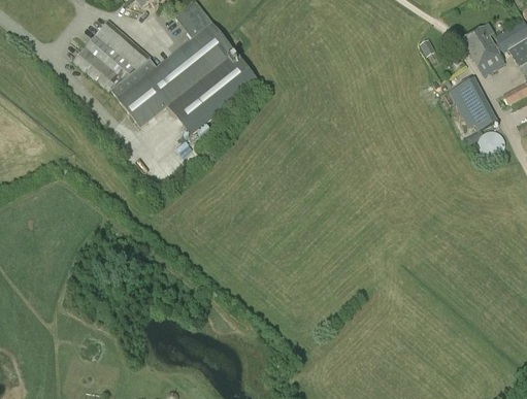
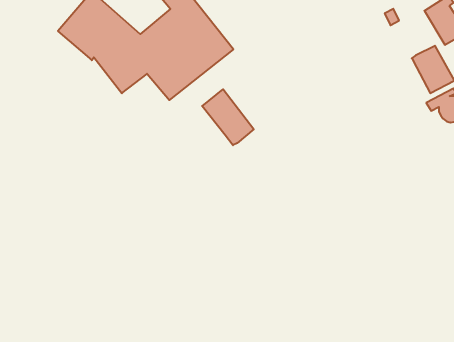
building: none -> [202,89,254,145]

